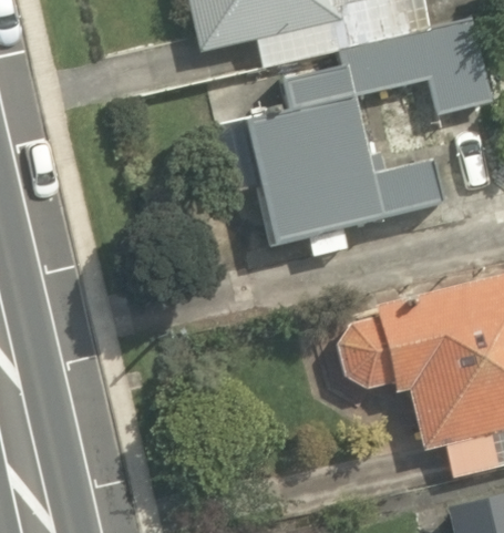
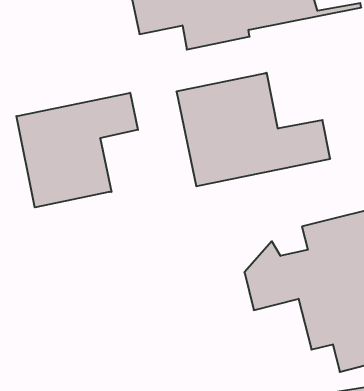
building: [343,25,482,111] -> none
building: none -> [16,93,138,207]

